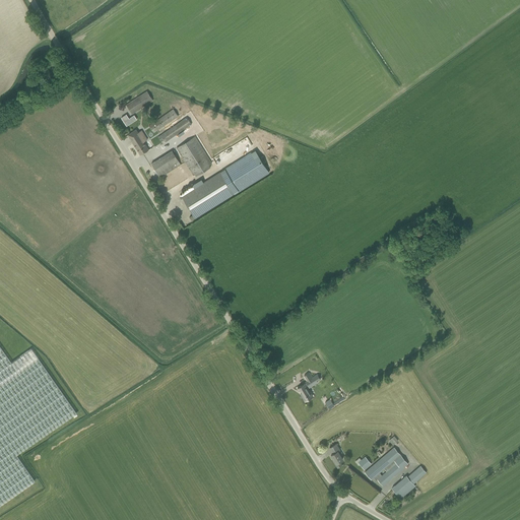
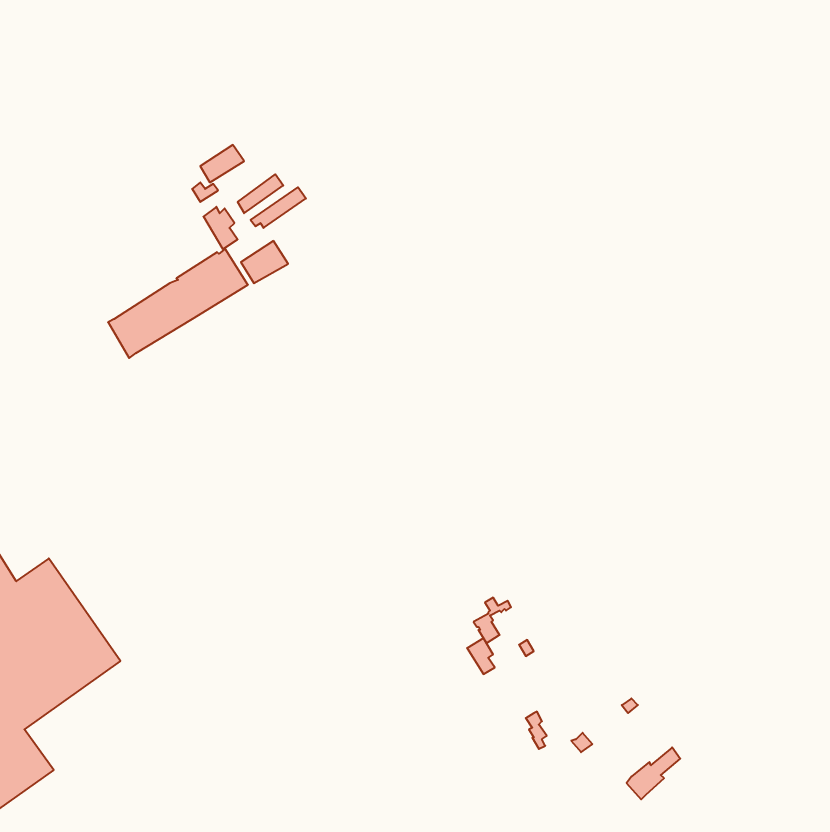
building: [176,136,210,176] -> none
building: [181,150,268,218] -> [108,249,248,358]
building: [363,447,407,485] -> none

